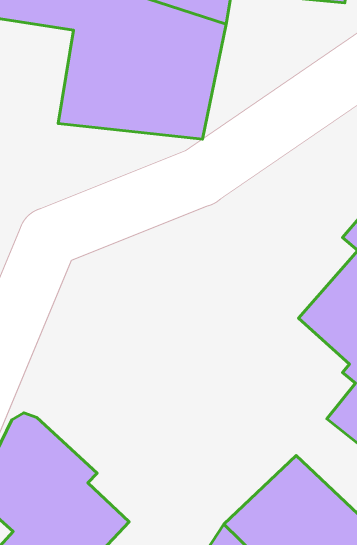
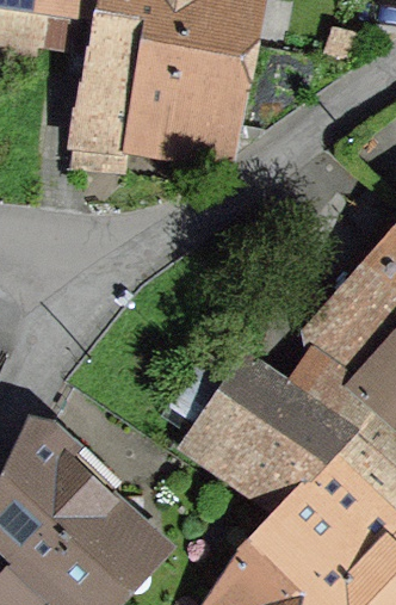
building: none -> [203,374,348,502]

